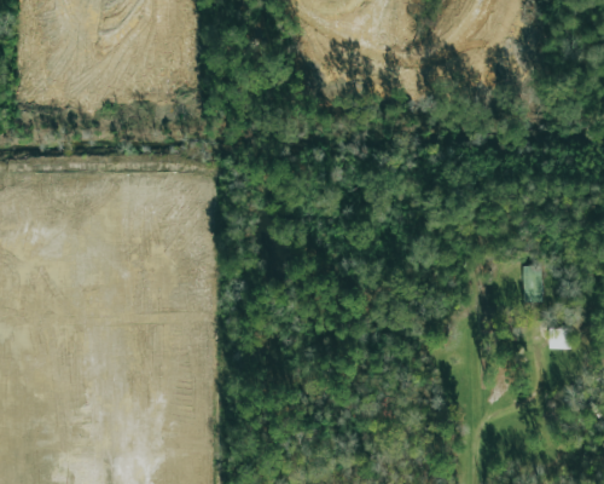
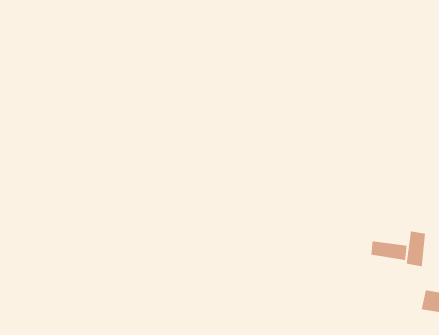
building: none -> [371,241,407,261]

